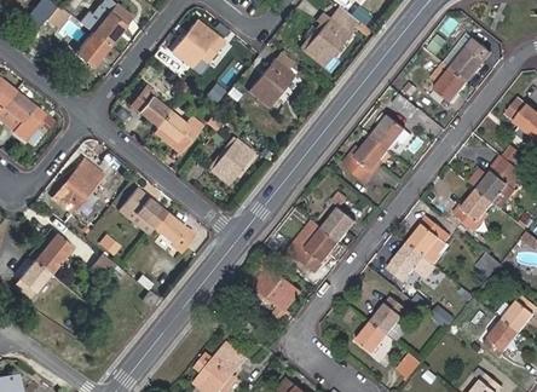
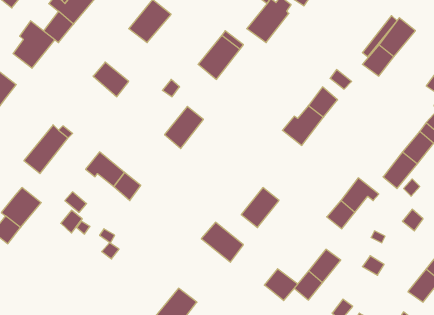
building: none -> [13,21,55,68]
building: [152,110,195,152] -> none
building: [319,208,353,243] -> none
building: none -> [264,269,298,301]

